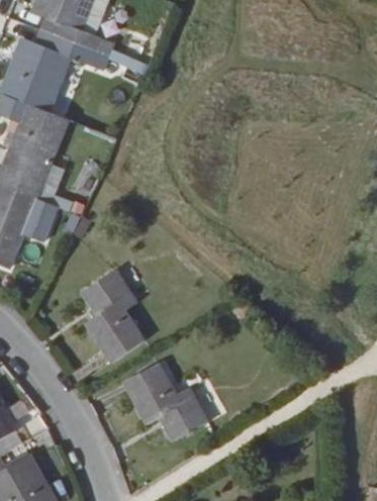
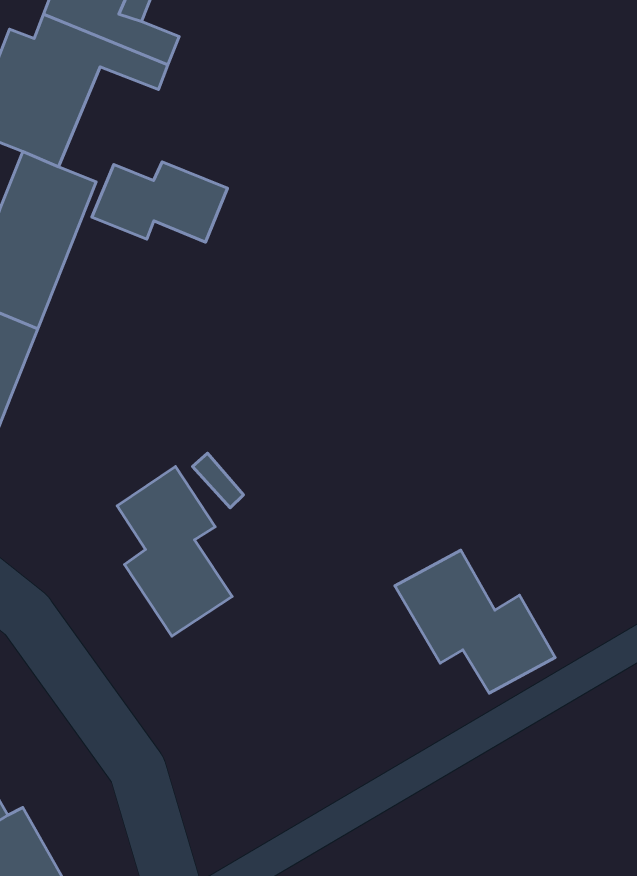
building: none -> [92,162,227,242]
building: [23,197,59,240] -> none
building: [121,364,207,440] -> [395,550,555,693]

